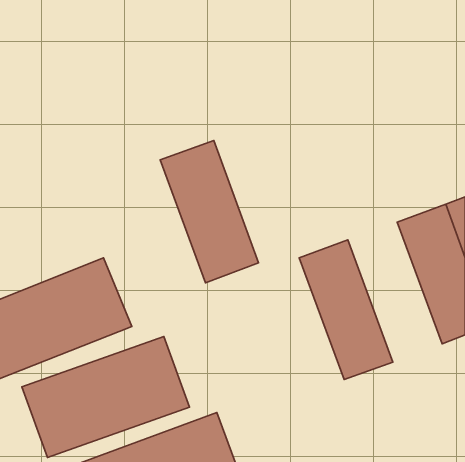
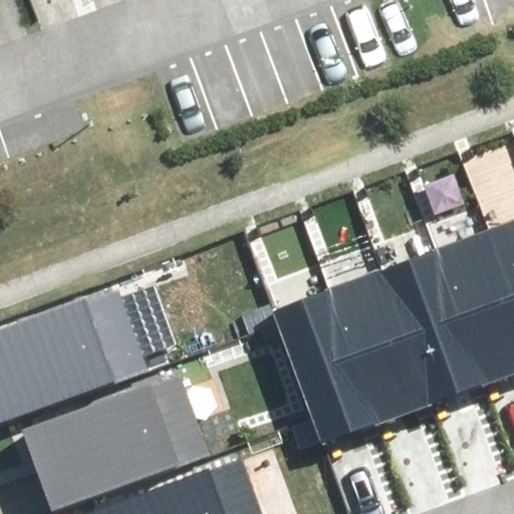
building: [160,140,259,283] -> none
building: none -> [381,250,485,404]
building: none -> [275,289,377,442]

